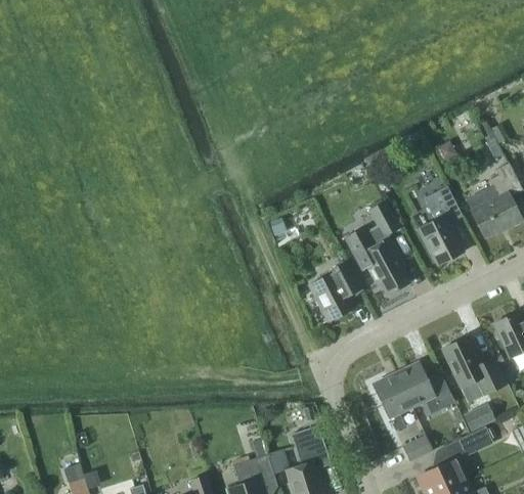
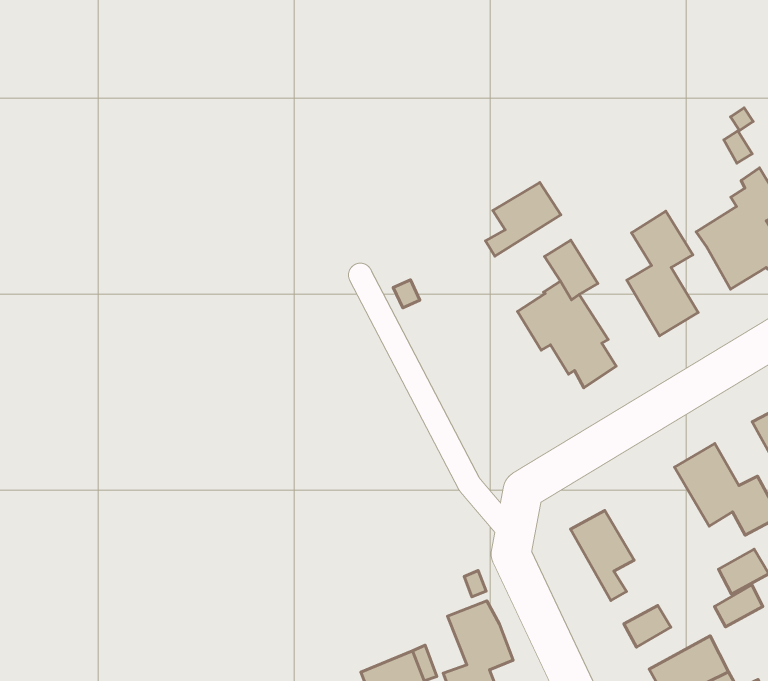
building: none -> [485,182,561,256]
building: [308,261,359,321] -> none
building: [394,362,453,413] -> none

